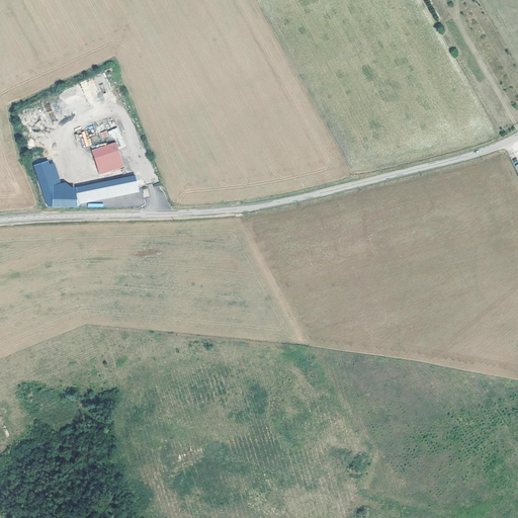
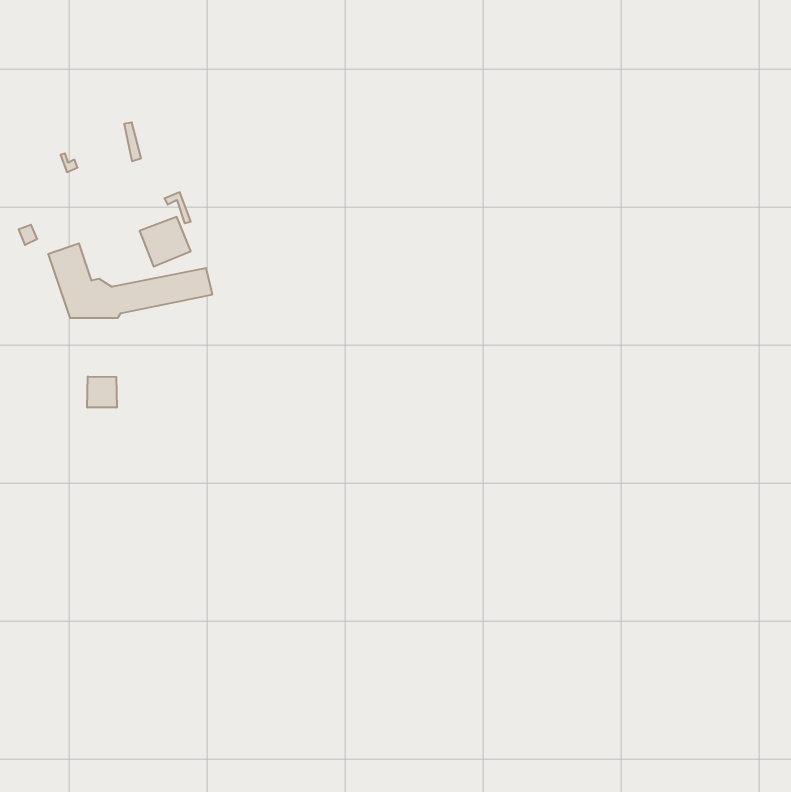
building: none -> [87,376,117,408]

